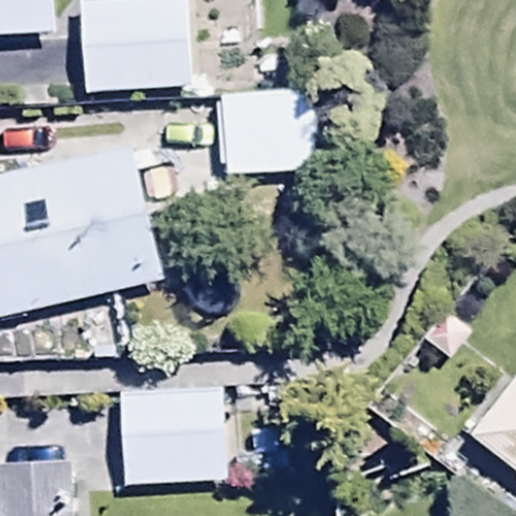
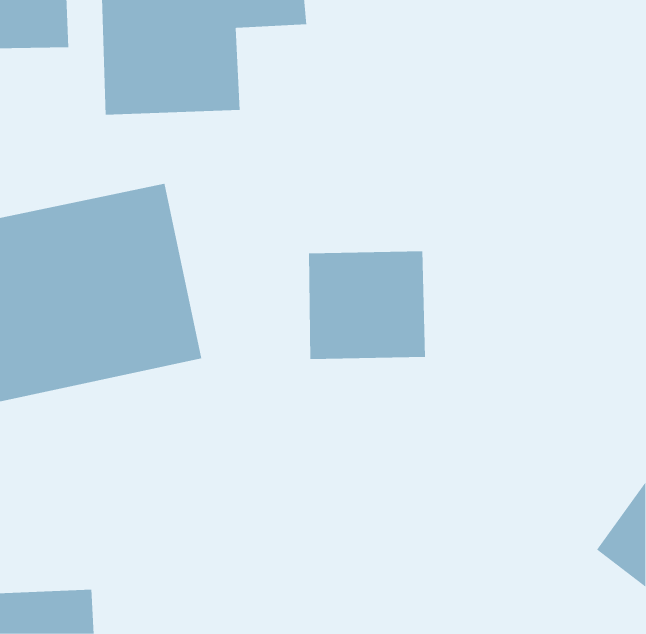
building: [220,89,312,174] -> [308,251,426,360]
building: [121,386,226,481] -> none

